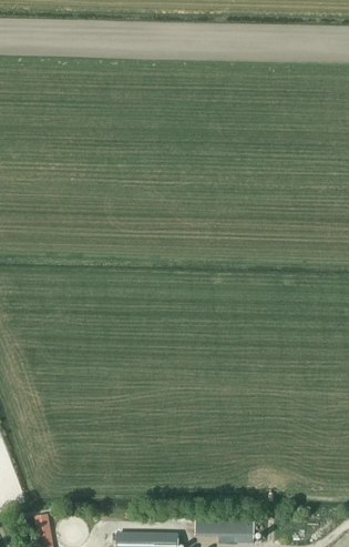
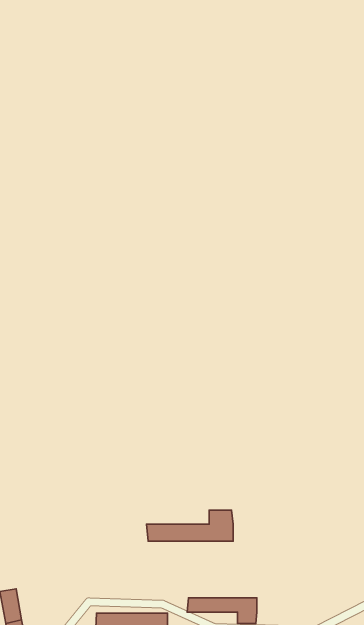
building: none -> [147,510,233,541]

